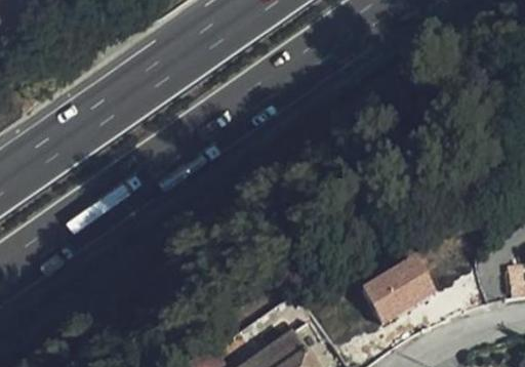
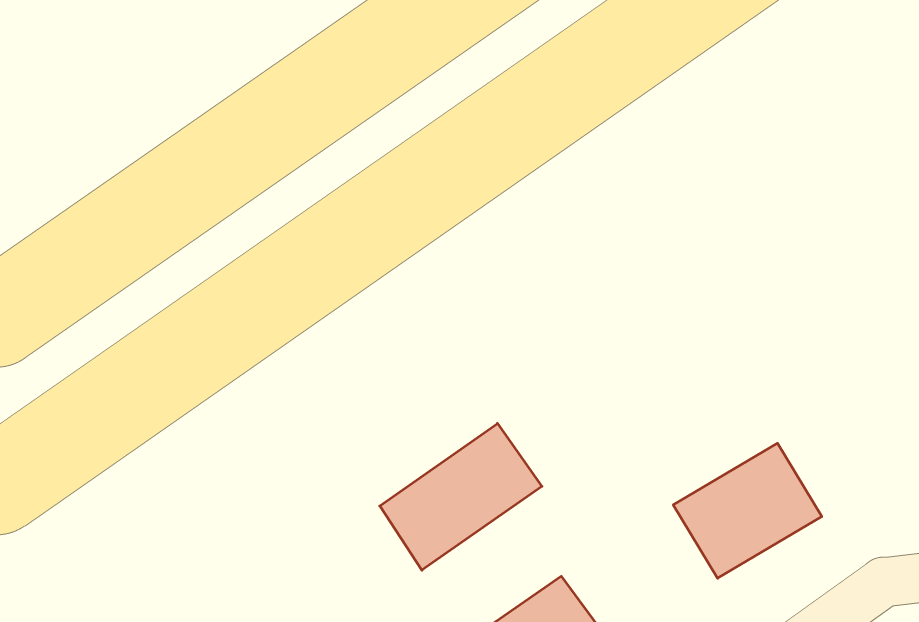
building: none -> [380,423,542,570]

